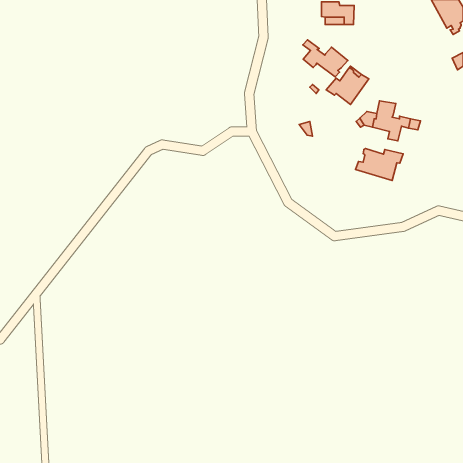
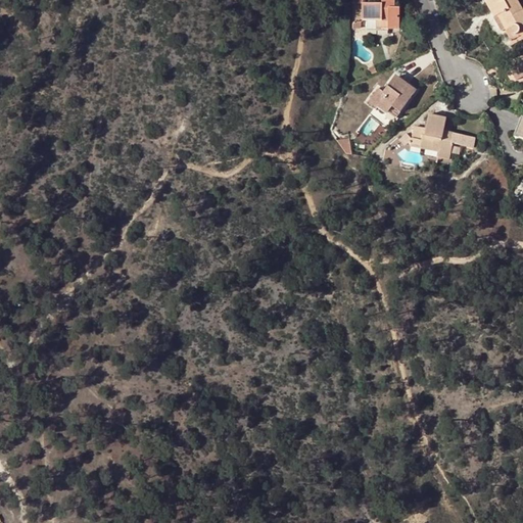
building: [303,40,348,77] -> none
building: [356,149,403,181] -> none

